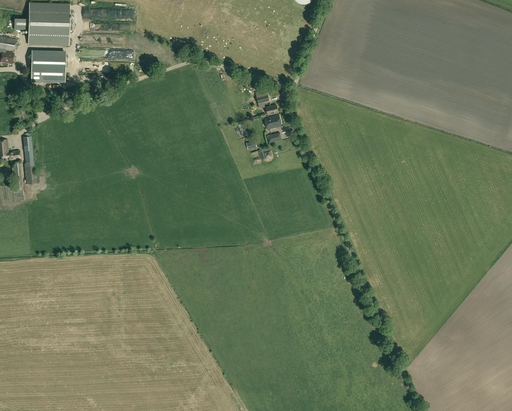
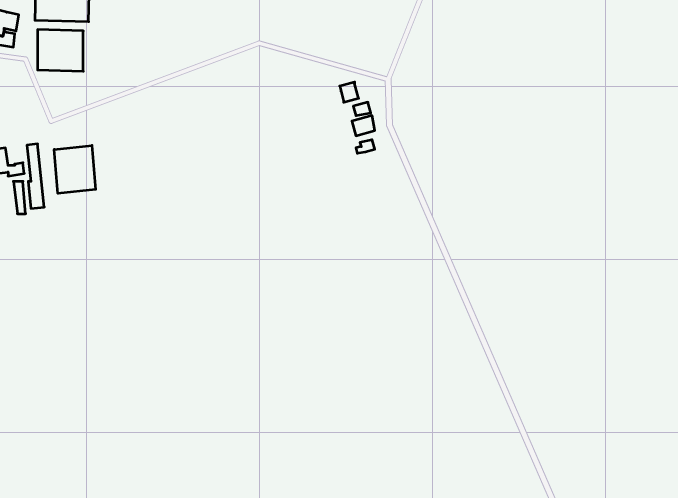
building: none -> [54,145,96,193]

